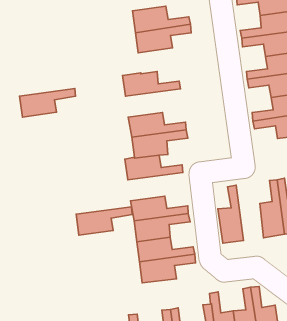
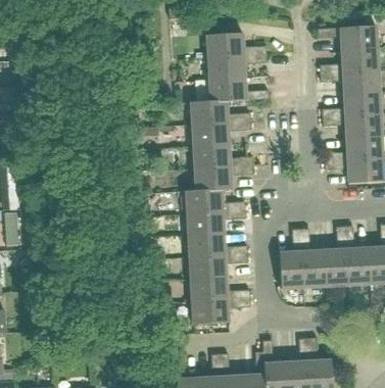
building: none -> [208,78,269,102]
building: [20,89,75,117] -> [191,122,250,147]
building: none -> [300,229,325,288]
building: [76,207,132,235] -> [186,210,245,236]

